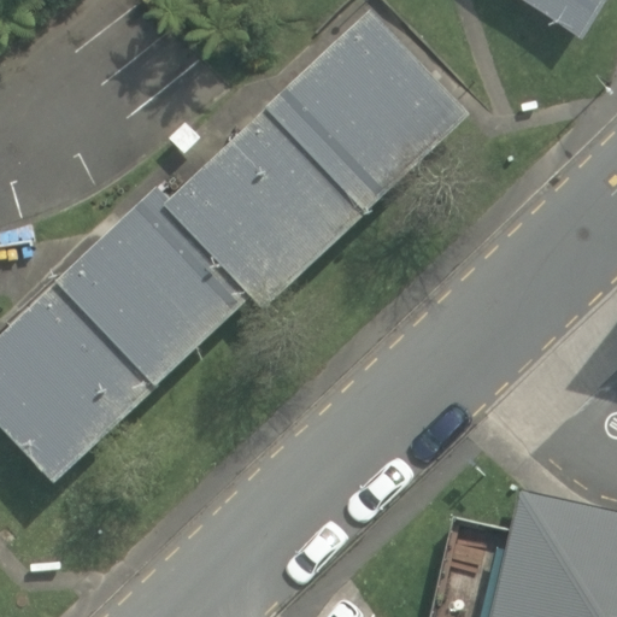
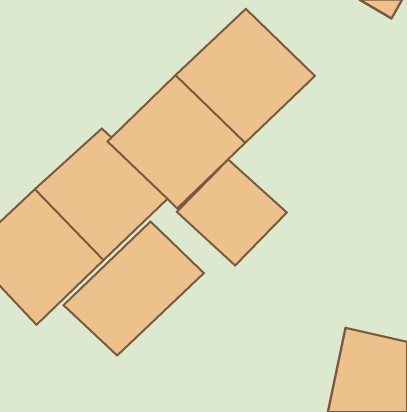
building: none -> [177,159,287,265]
building: none -> [64,222,204,356]

